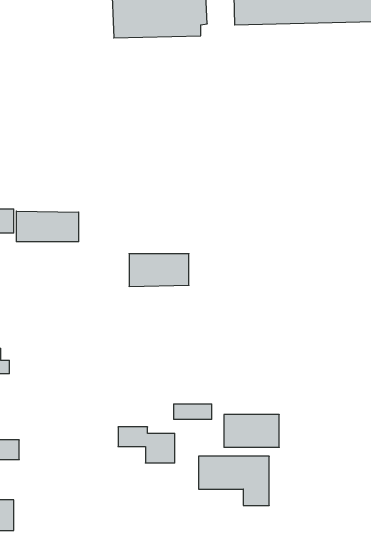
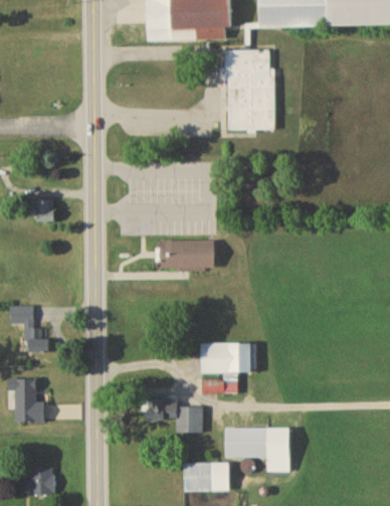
building: none -> [227,49,273,130]
building: [16,211,79,242] -> none
building: [224,415,279,447] -> [200,342,251,372]
building: none -> [183,462,229,491]

